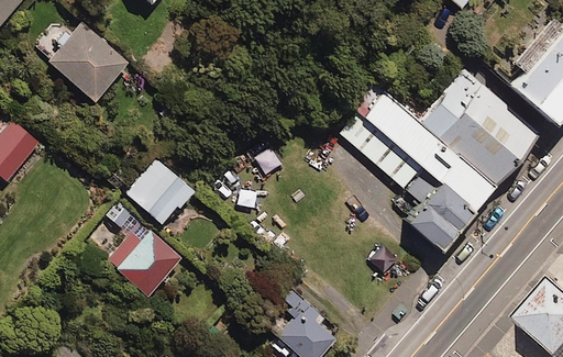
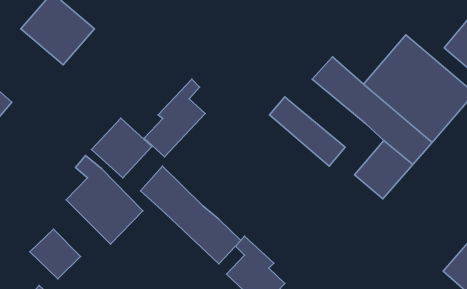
building: [341,110,423,186] -> [270,97,345,166]
building: none -> [144,79,205,157]
building: none -> [141,166,241,264]
building: none -> [30,229,81,279]

